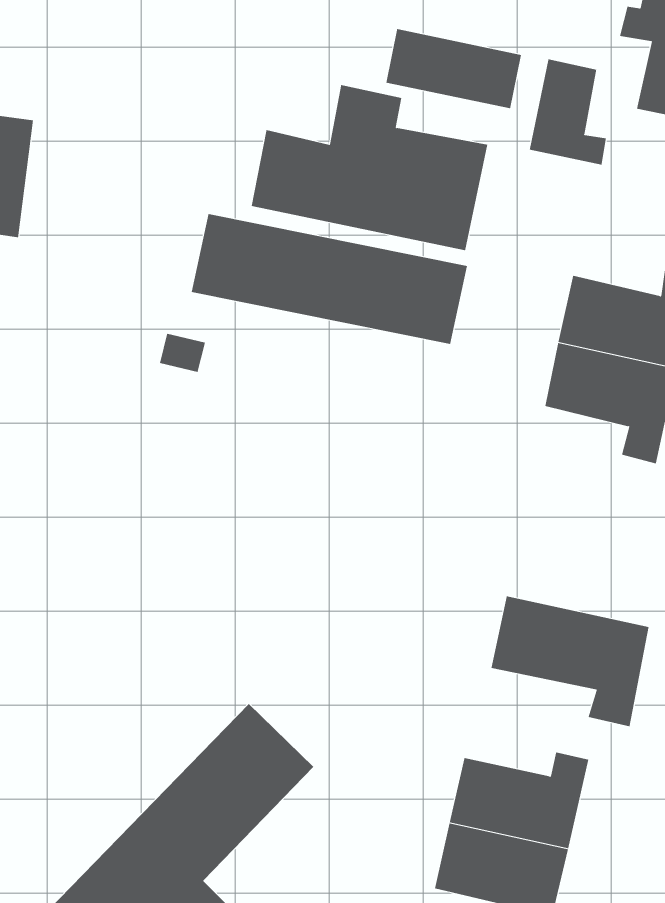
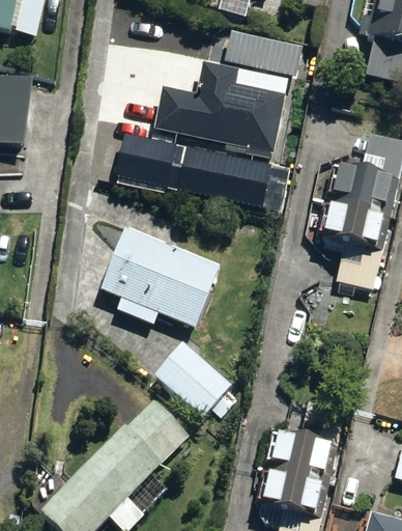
building: [529,58,607,166] -> none
building: none -> [101,229,217,327]
building: [491,595,649,727] -> none
building: none -> [152,341,231,418]

